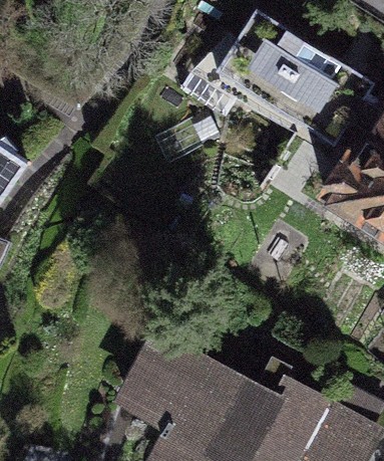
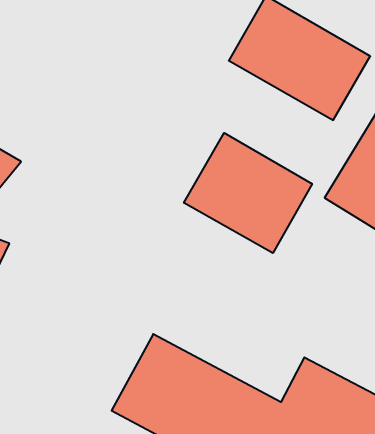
building: none -> [184,133,312,253]

